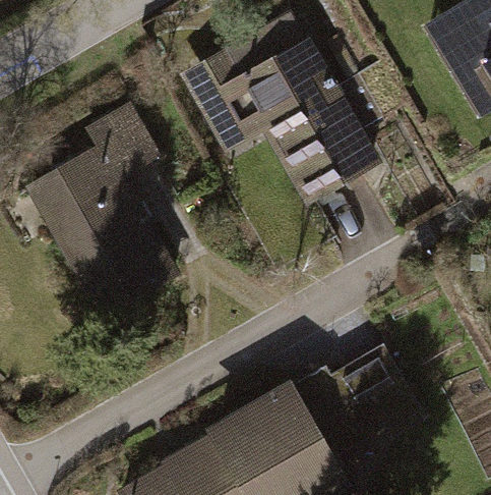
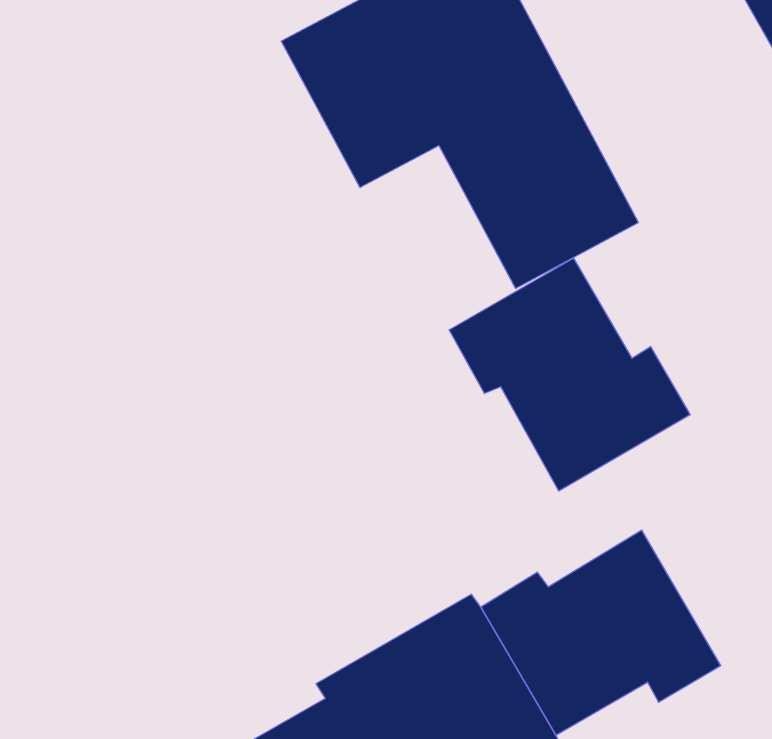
building: [46,141,186,312] -> none
building: none -> [449,258,690,491]

